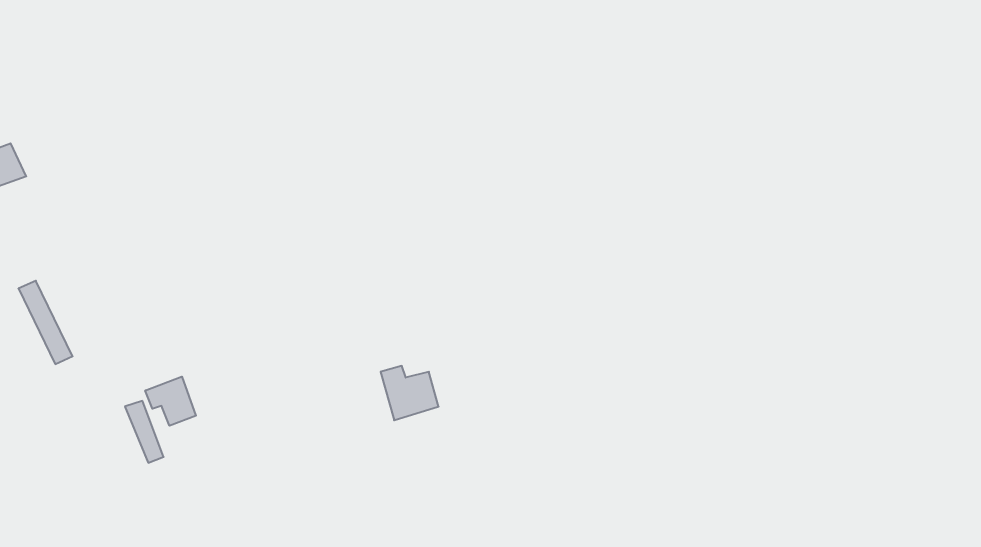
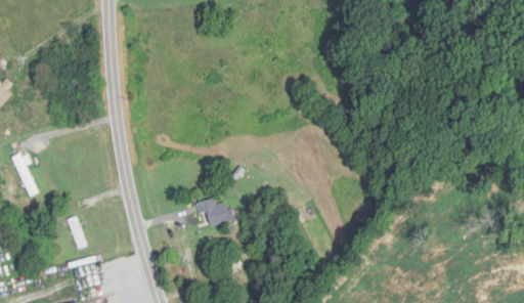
building: [145,377,196,426] -> none

